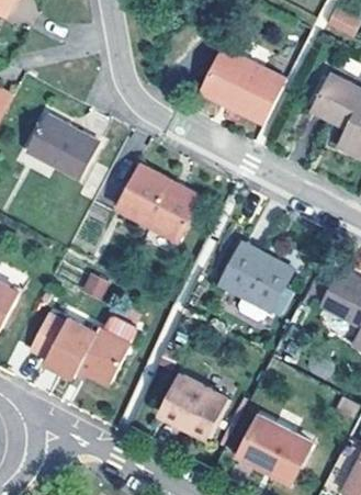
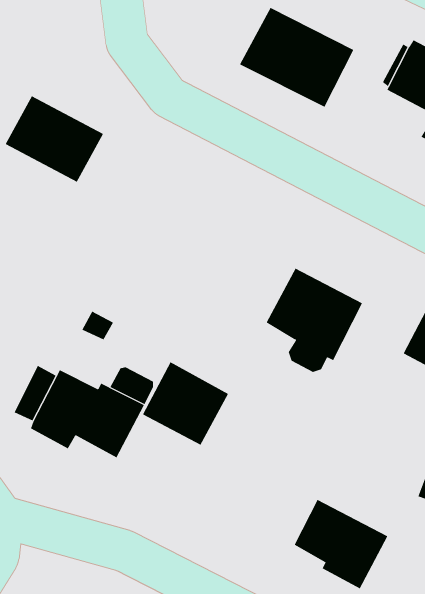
building: [115,165,201,240] -> none
building: [160,374,225,437] -> [142,361,229,445]

